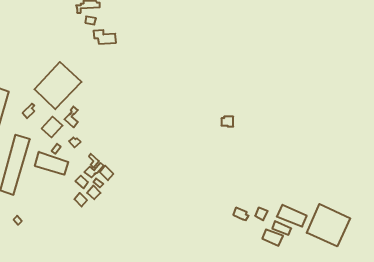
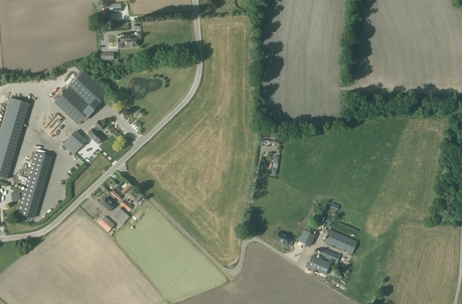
building: [35,152,68,175] -> none
building: [307,204,350,246] -> none

